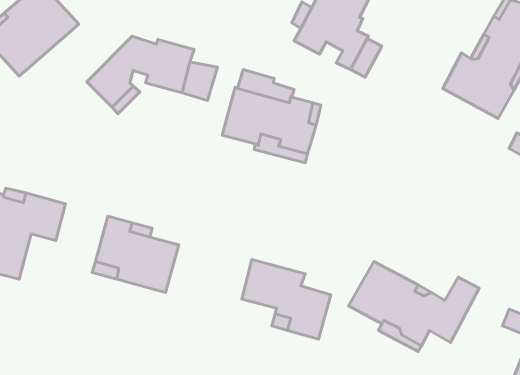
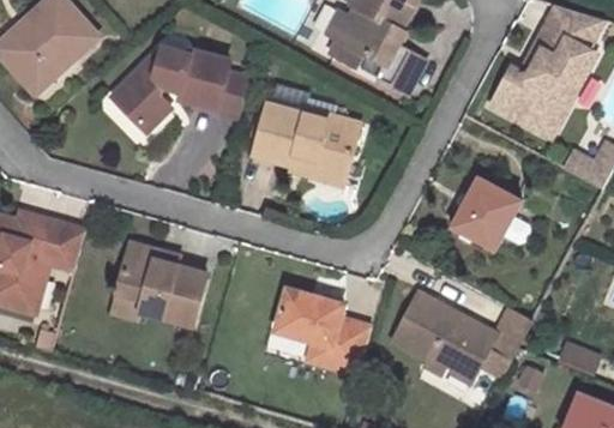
building: none -> [449,176,529,249]

